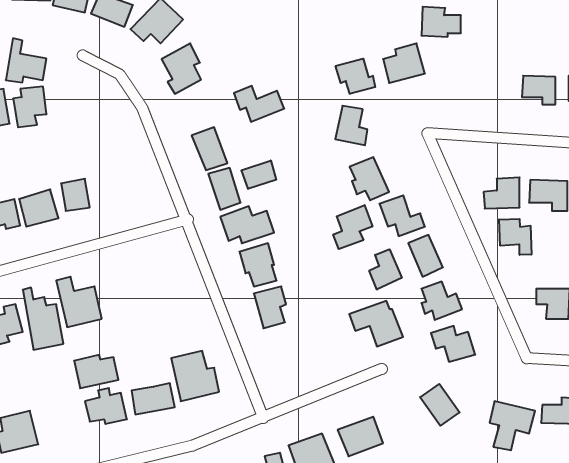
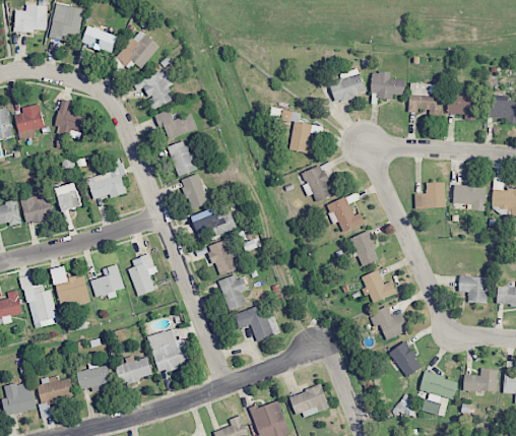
building: [421,7,461,37] -> [371,71,404,97]
building: [6,38,46,82] -> [55,99,89,136]
building: [336,59,375,94] -> none
building: none -> [408,83,441,113]
building: [234,86,284,122] -> [154,109,197,139]
building: none -> [87,162,127,199]
building: [241,160,276,189] -> none
building: [333,205,372,249] -> none
building: [499,219,531,255] -> none
building: [369,249,402,290] -> none
building: none -> [128,253,156,296]
building: none -> [90,264,125,298]
building: [349,301,403,346] -> [234,303,279,341]
building: [74,355,118,388] -> [37,376,74,404]
building: [420,384,460,426] -> [389,341,423,377]

